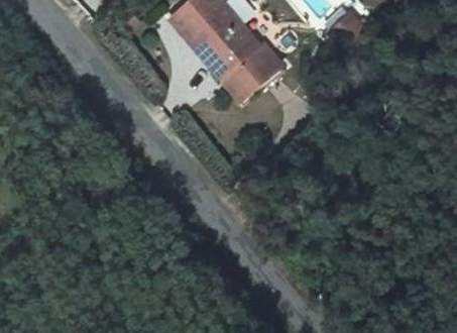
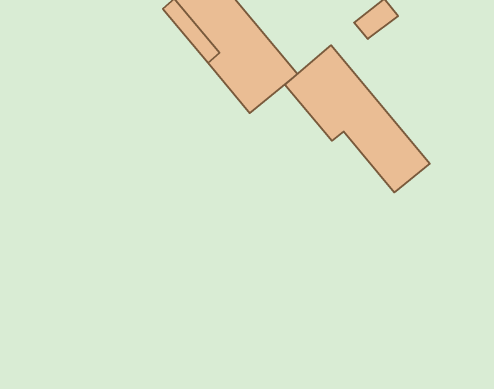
building: none -> [285,45,430,192]

